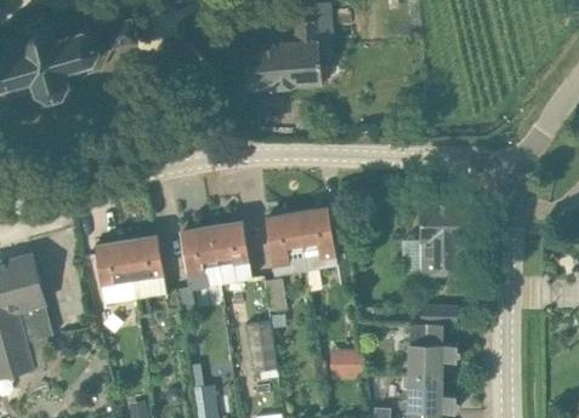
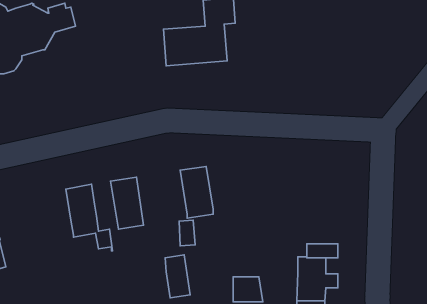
building: [419,202,469,274] -> none
building: [296,207,352,286] -> none
building: [211,222,251,285] -> none
building: [95,241,135,302] -> none

